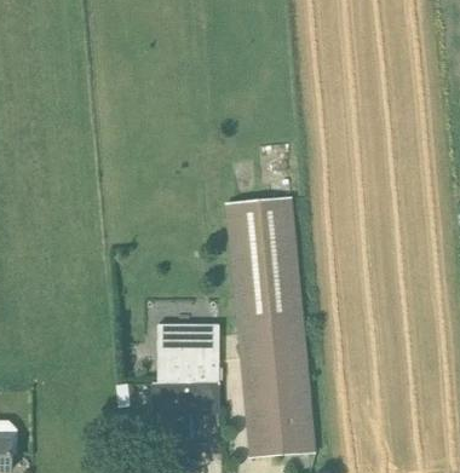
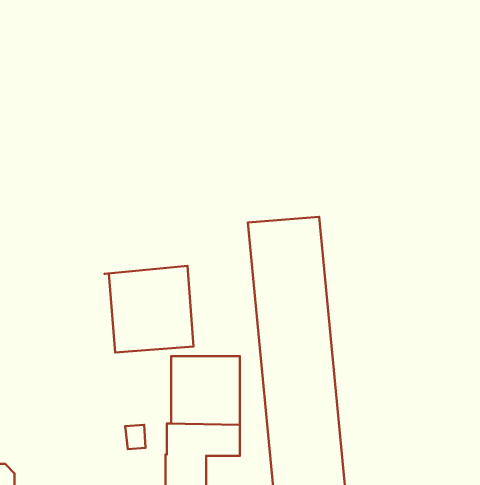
building: none -> [104,266,194,352]

